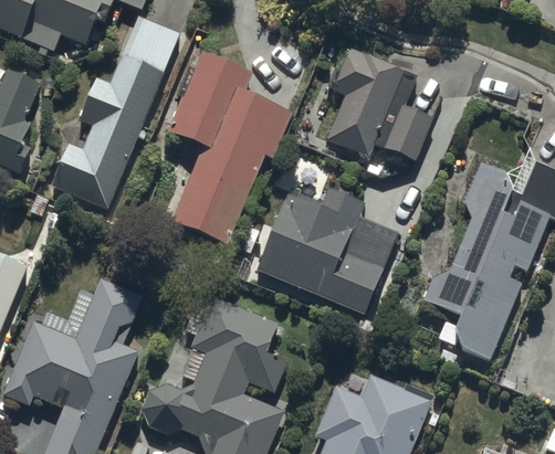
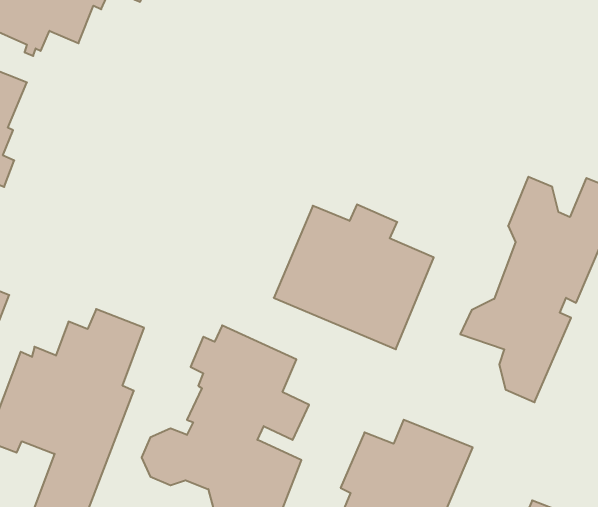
building: [52,17,178,210] -> none
building: [170,44,291,241] -> none
building: [325,44,433,159] -> none

